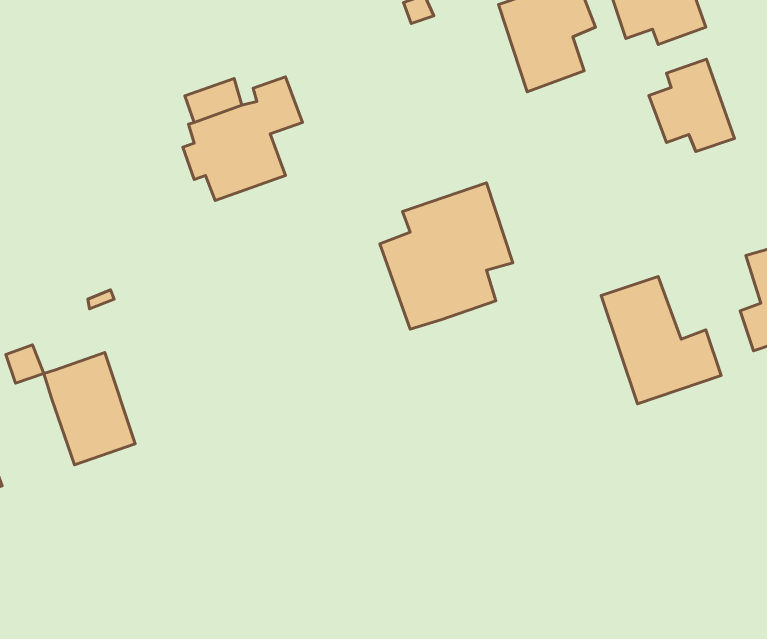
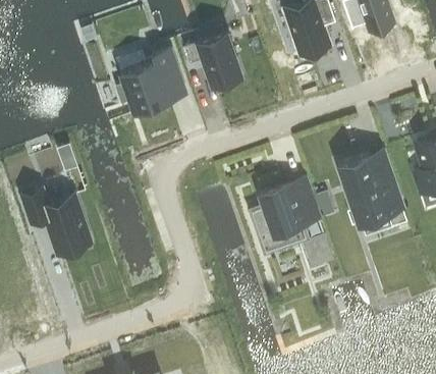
building: none -> [186,33,243,87]
building: [649,59,735,151] -> none
building: [380,183,513,329] -> [250,178,321,257]

